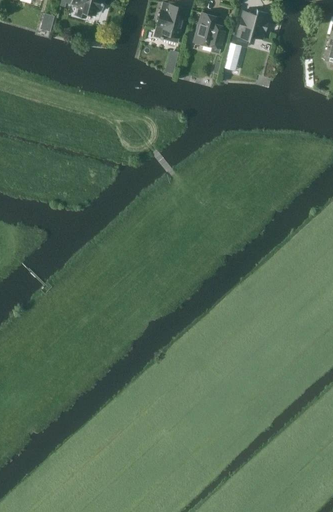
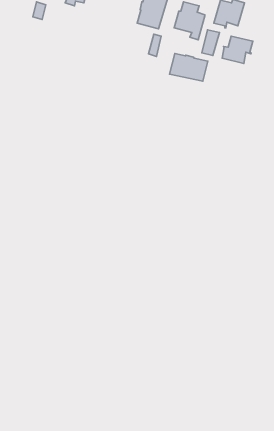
building: none -> [222,36,253,64]
building: none -> [170,53,208,81]

